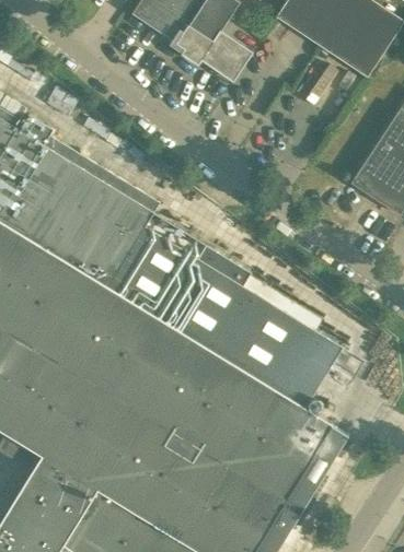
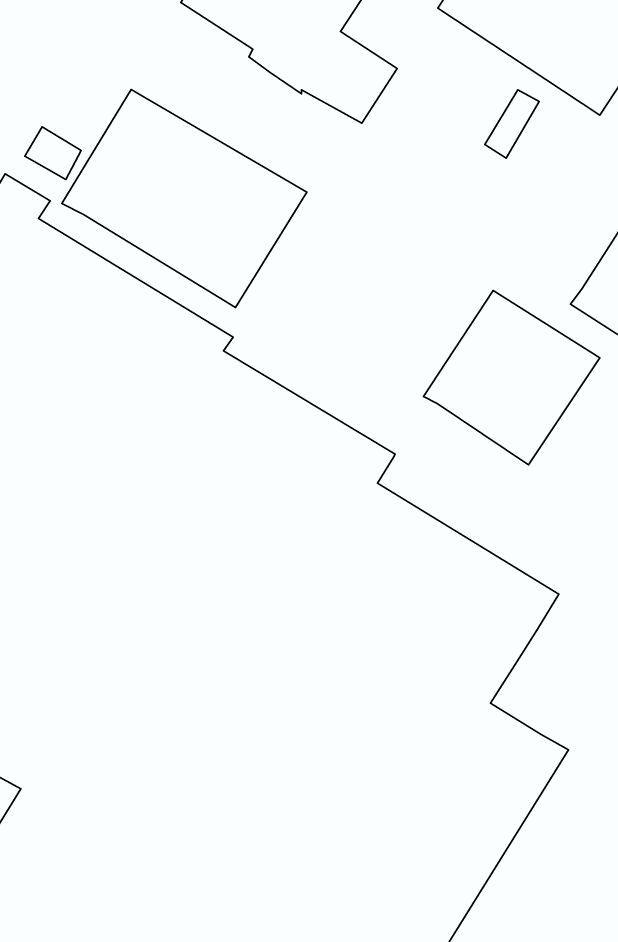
building: none -> [62,89,307,307]
building: none -> [423,291,600,465]

